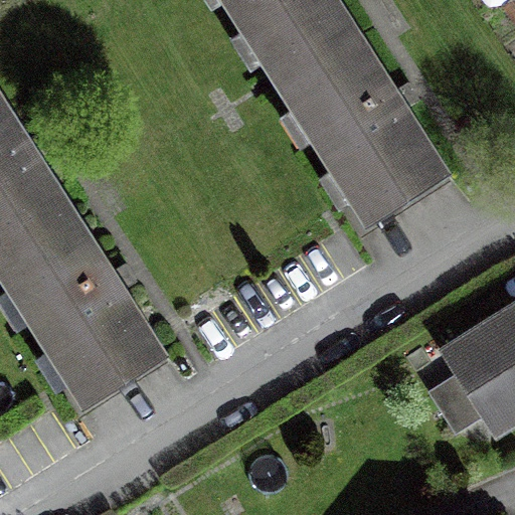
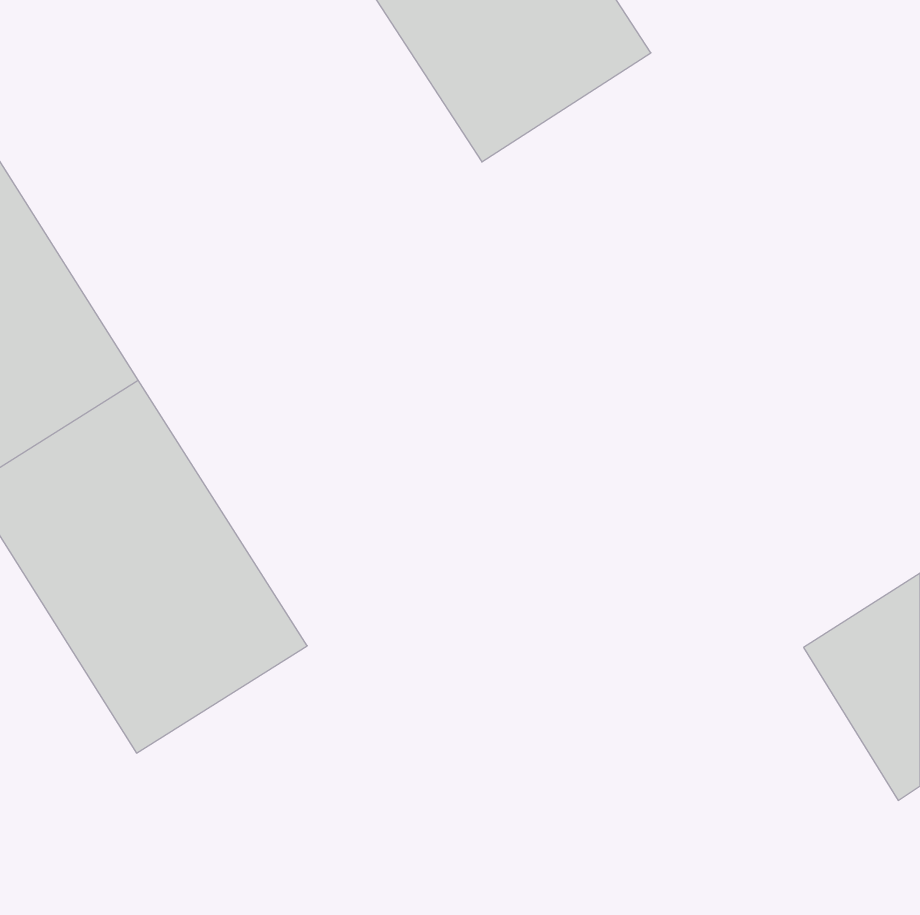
building: [267,29,453,232] -> none

